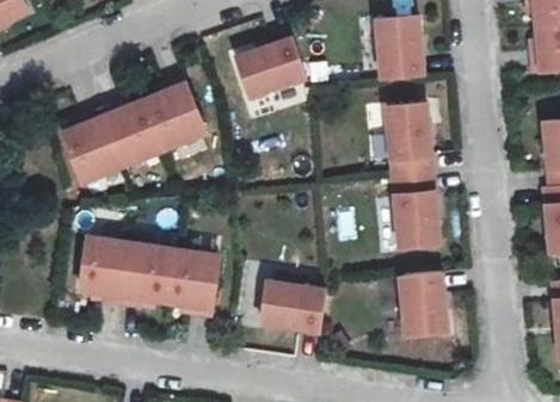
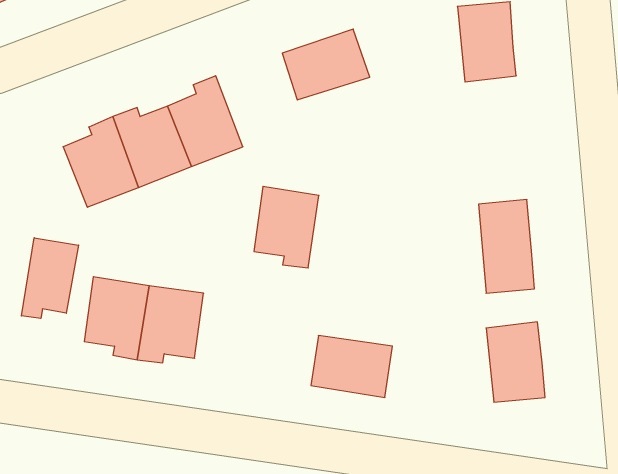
building: [387,105,431,179] -> none
building: none -> [21,238,79,318]
building: [168,249,220,314] -> [254,186,319,268]

